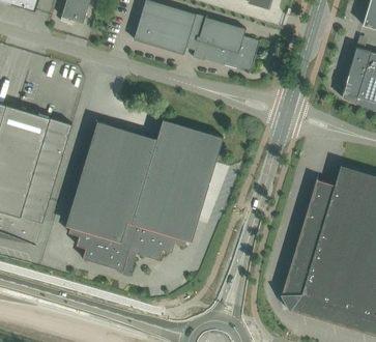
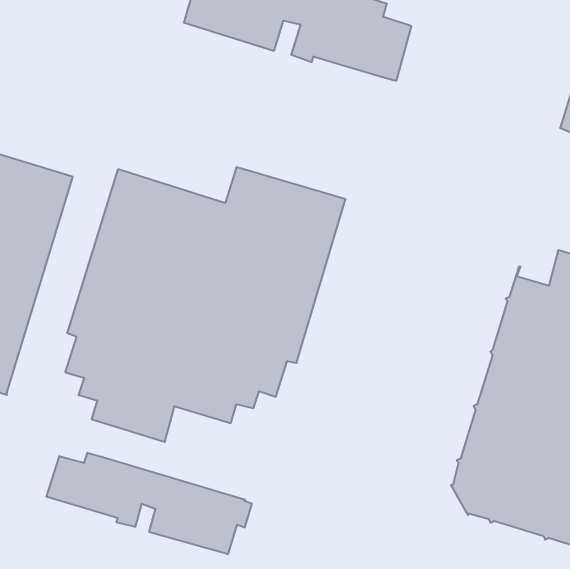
building: none -> [46,453,252,554]

